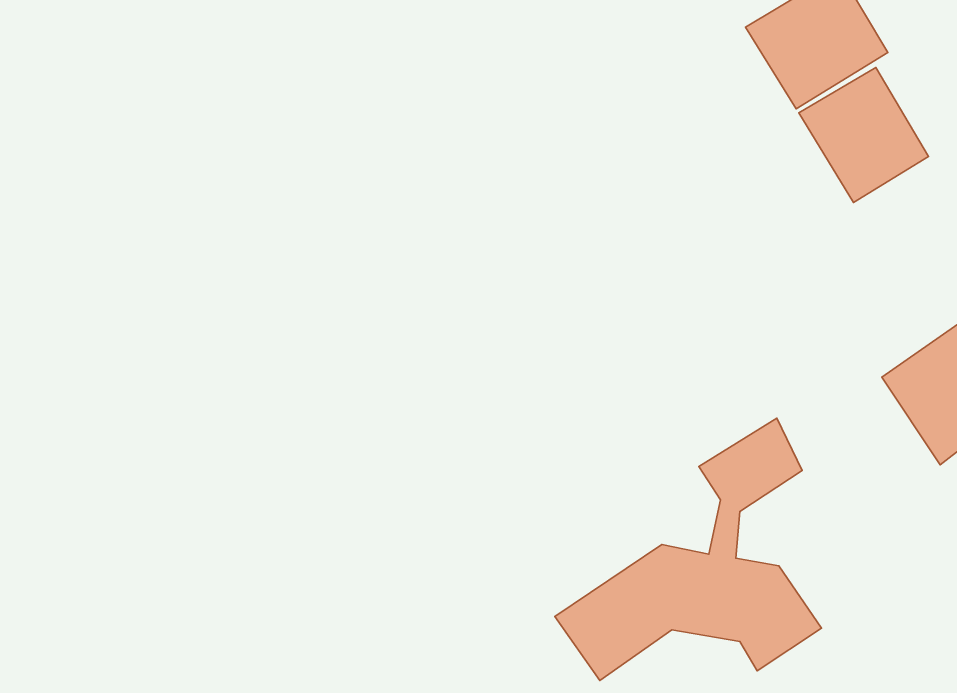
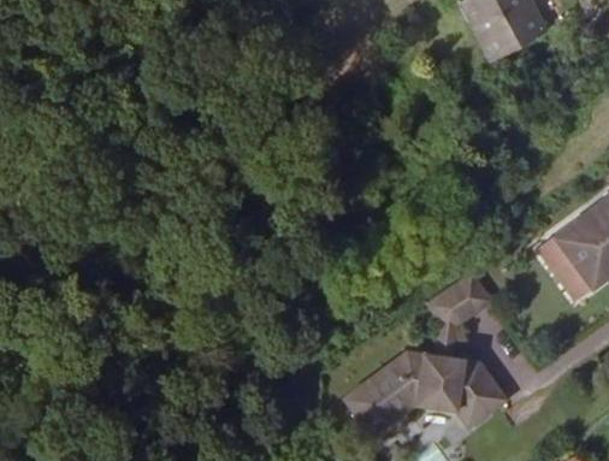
building: [799,67,929,203] -> none

